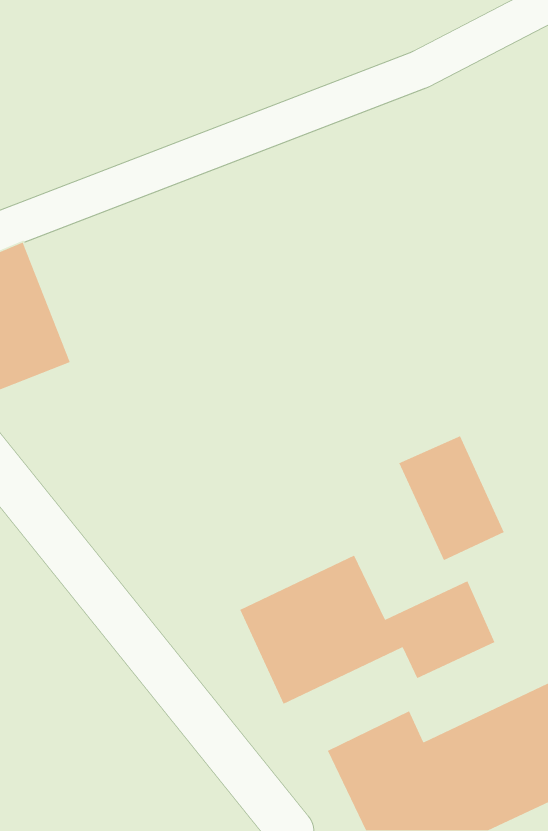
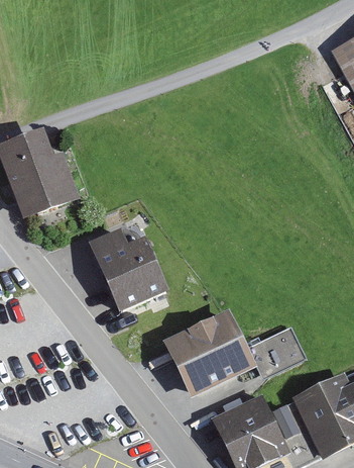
building: none -> [92,228,161,305]
building: [398,435,505,561] -> none

